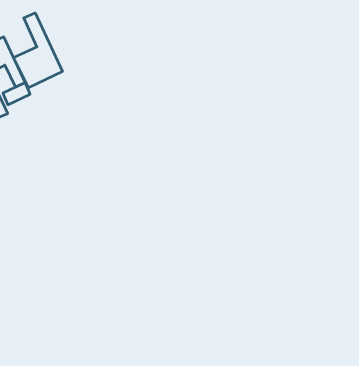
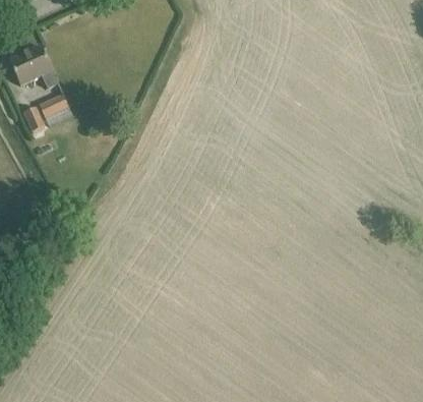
building: [13,13,62,88] -> none

